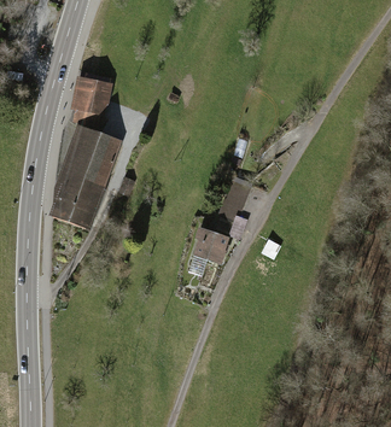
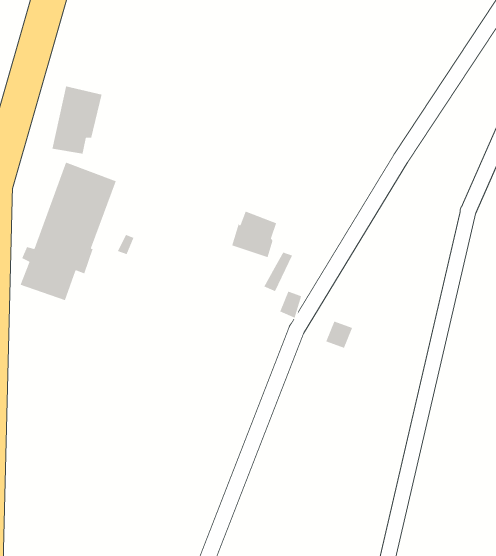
building: [193,227,224,259] -> [231,210,277,258]

